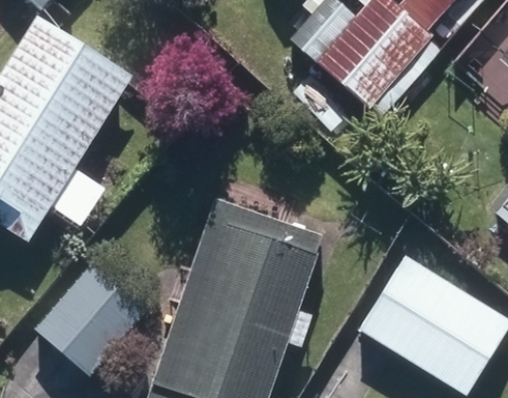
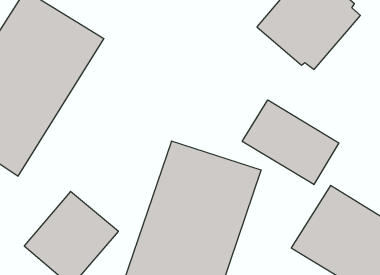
building: none -> [242,100,339,185]

